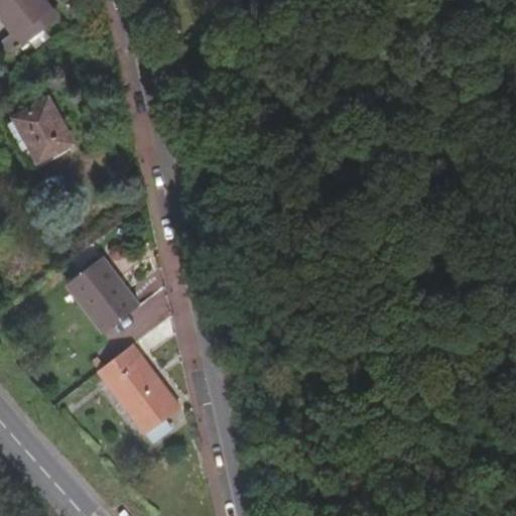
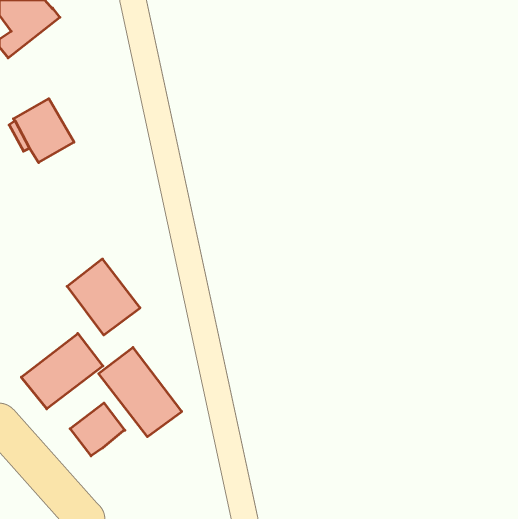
building: none -> [21,333,103,409]
building: none -> [70,403,125,456]

